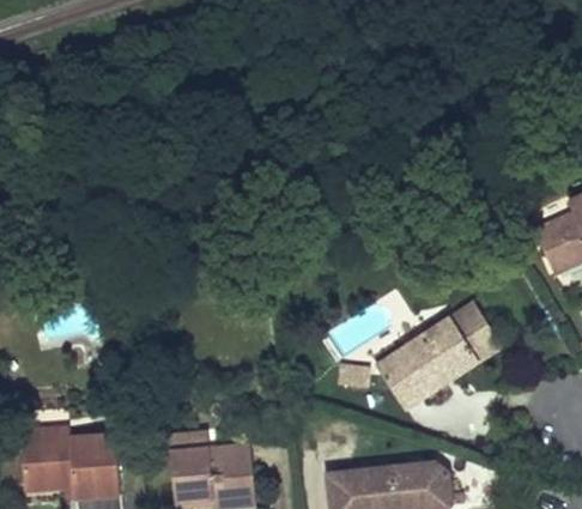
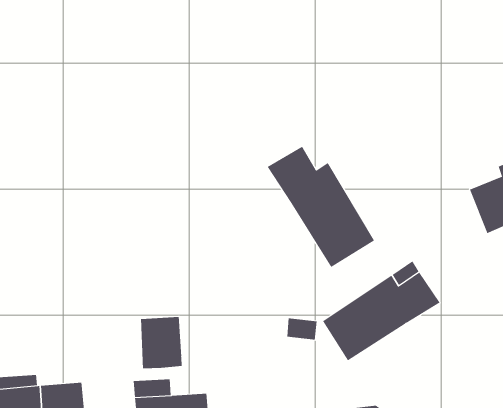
building: none -> [267,146,375,268]
building: none -> [140,316,182,369]

